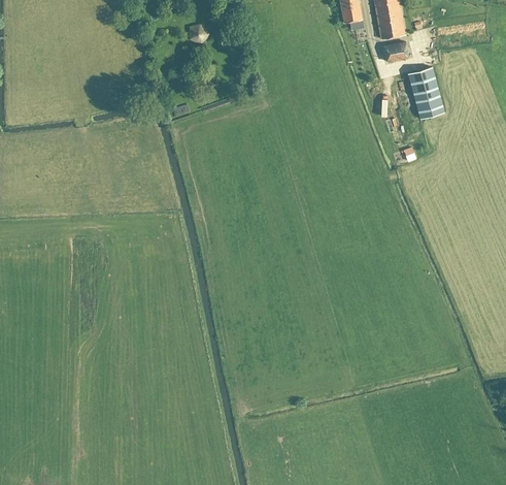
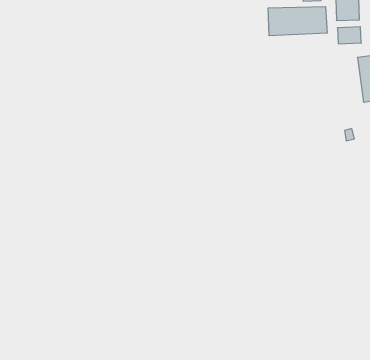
building: none -> [268,7,327,36]

